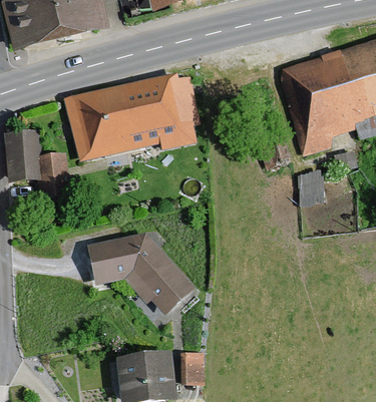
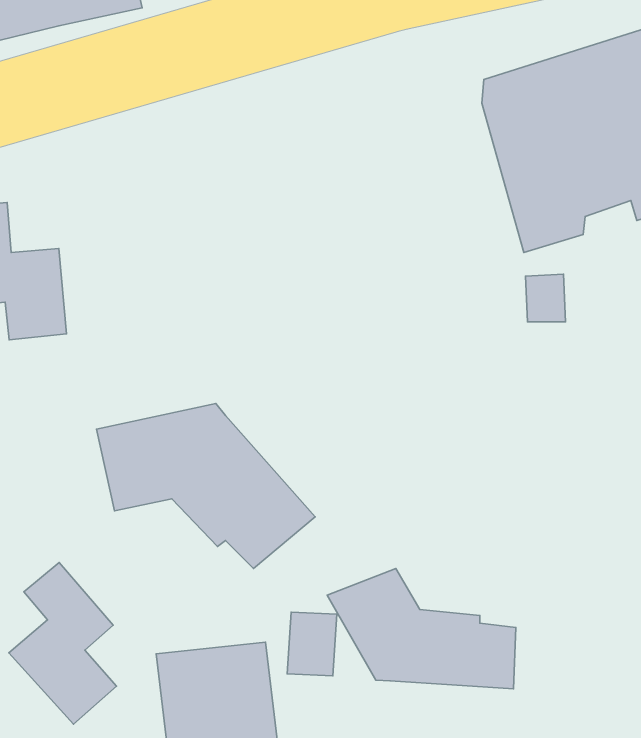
building: [64,72,201,161] -> none
building: none -> [9,562,117,724]
building: none -> [327,569,516,689]

